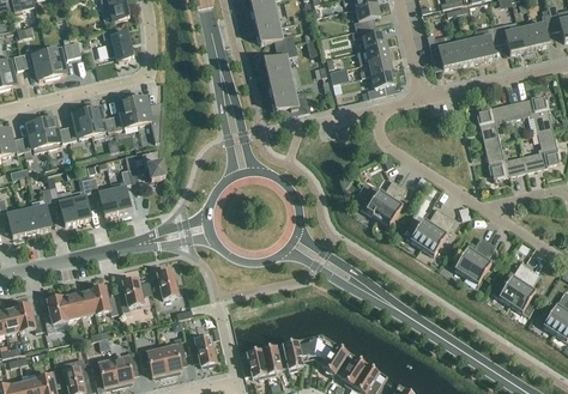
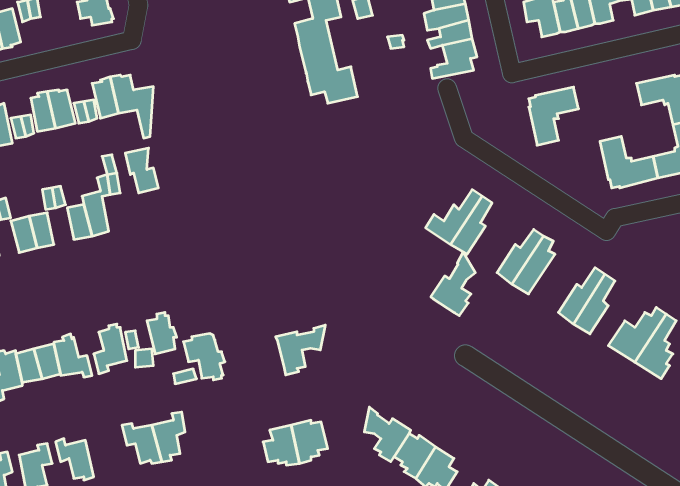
building: [478,102,514,144] -> [529,87,579,145]
building: none -> [431,252,475,316]
building: [187,332,217,365] -> [183,334,225,380]
building: [282,335,318,371] -> [276,325,325,375]
building: [113,350,137,386] -> none

